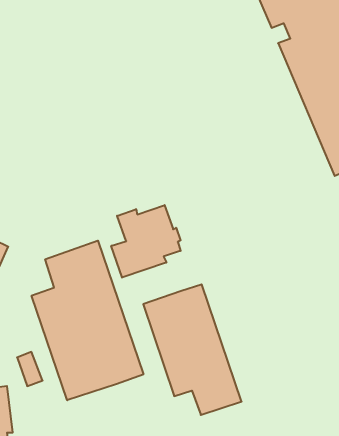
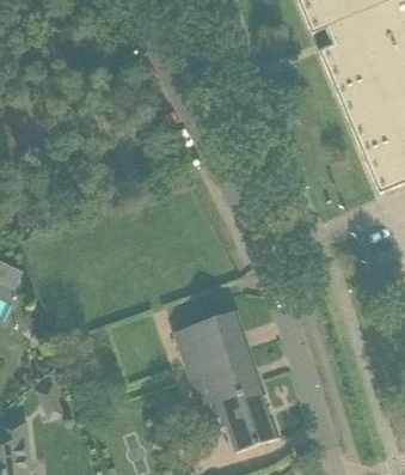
building: [111,205,181,278] -> none
building: [32,241,143,400] -> none

